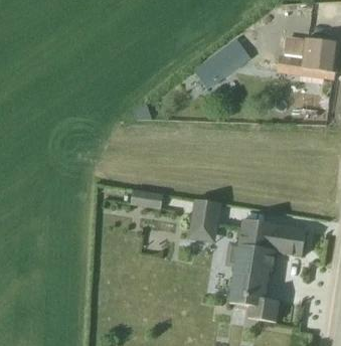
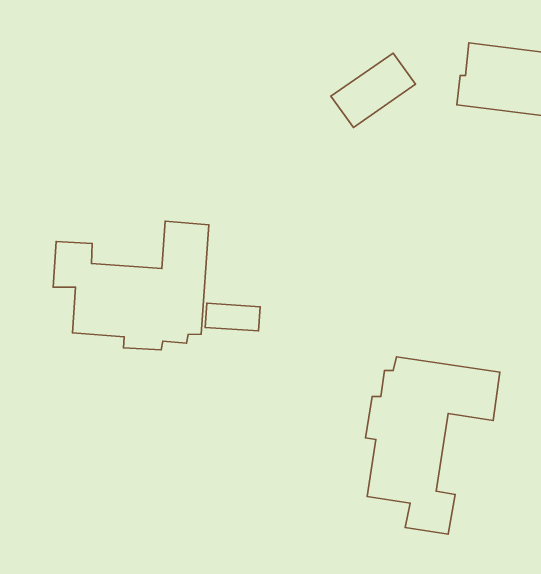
building: none -> [53,221,209,350]
building: [182,200,221,244] -> none

